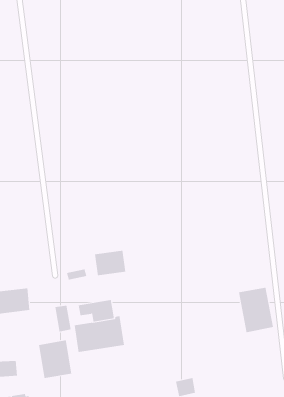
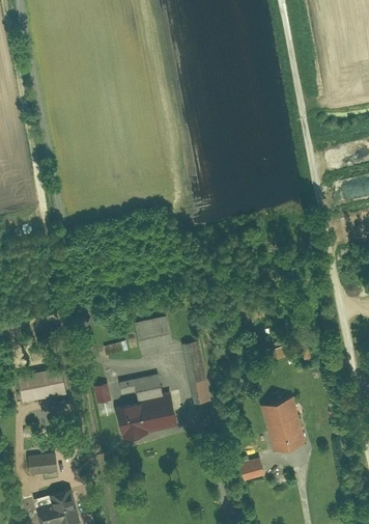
building: none -> [181,340,212,405]
building: [238,287,274,333] -> [260,397,305,452]
building: [38,340,72,379] -> none

